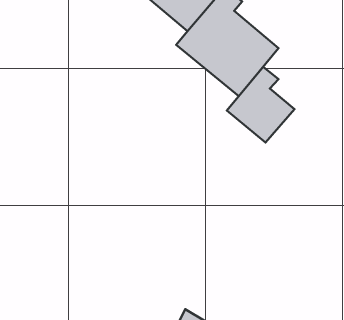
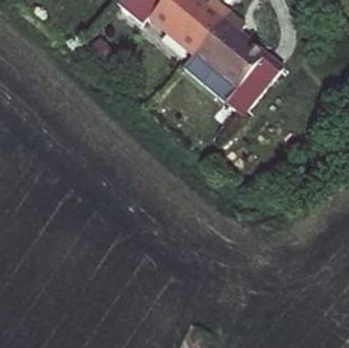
building: [227,67,295,143] -> none

